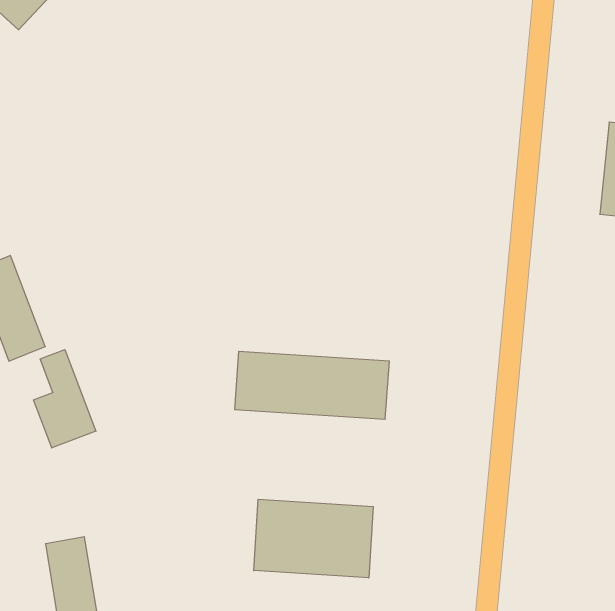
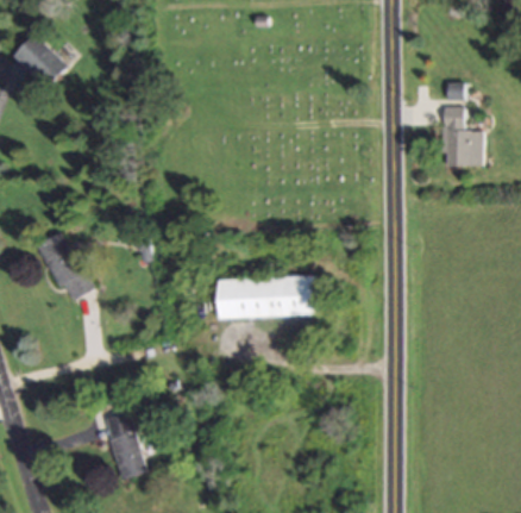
building: [34,350,96,448] -> none
building: [254,499,373,578] -> none

